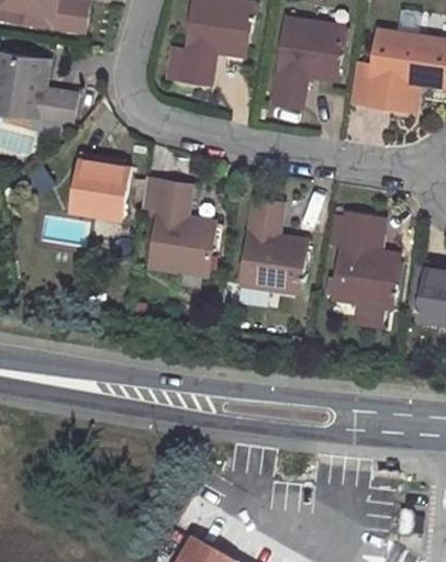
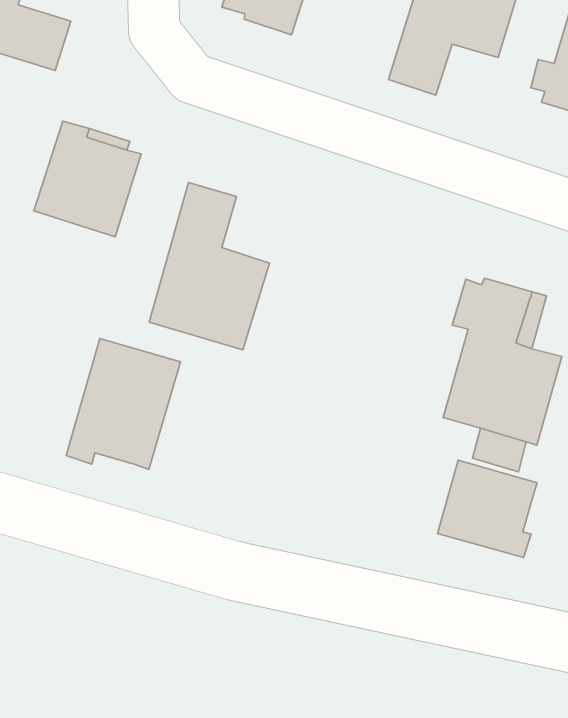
building: [239,199,309,295] -> none
building: none -> [66,338,180,469]
building: none -> [438,460,537,558]

